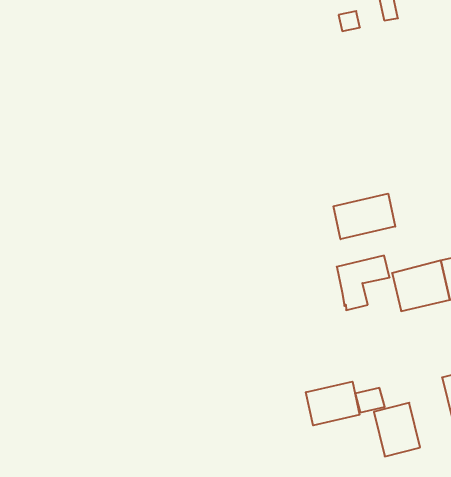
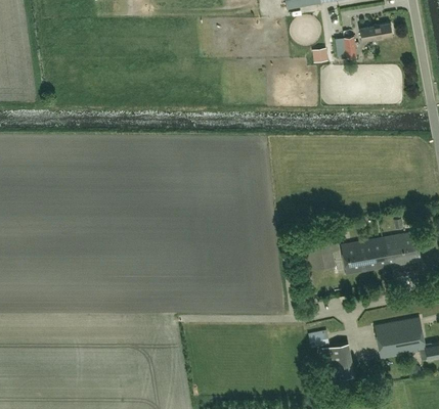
building: [333,194,395,239] -> none
building: [306,382,360,425] -> none

